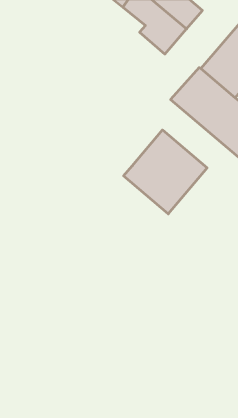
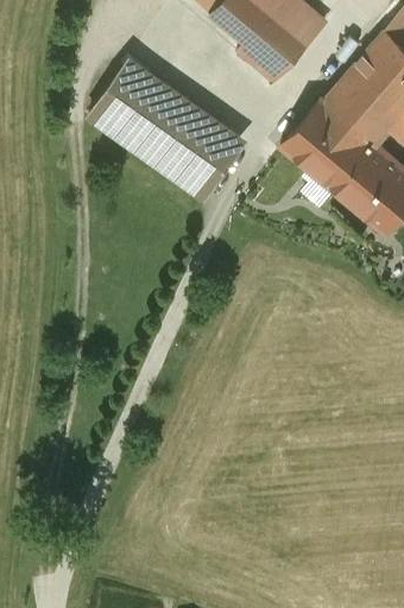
building: none -> [89,66,239,196]
building: [124,130,207,214] -> none

